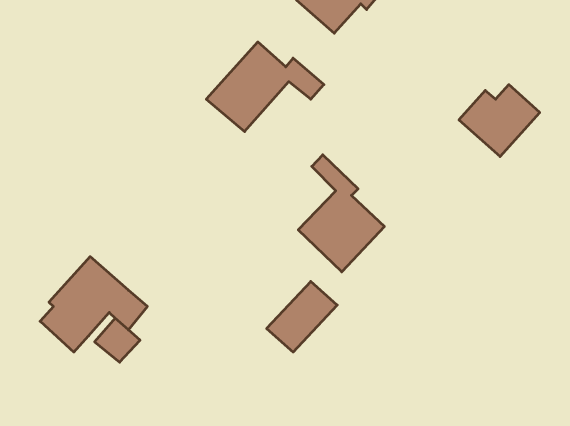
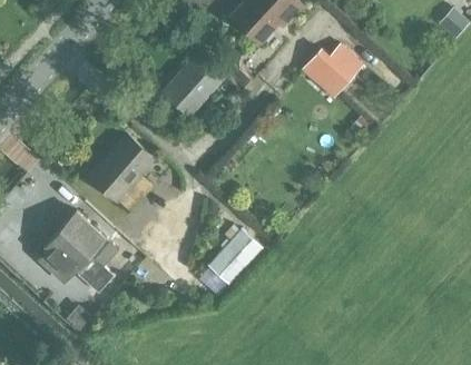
building: [459,85,540,157] -> [302,45,363,99]
building: [298,155,384,272] -> none
building: none -> [90,136,154,200]

